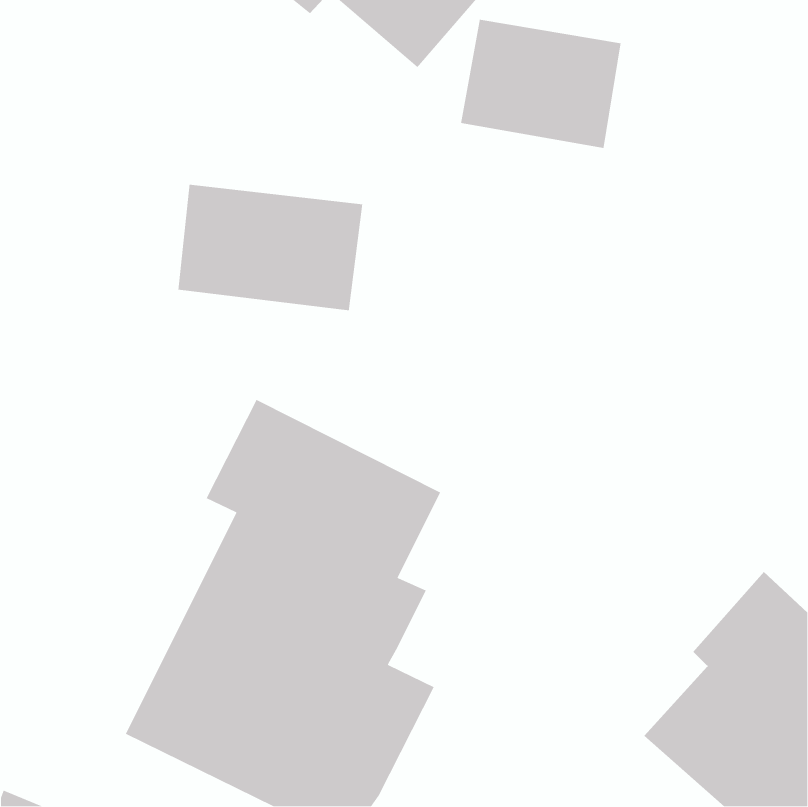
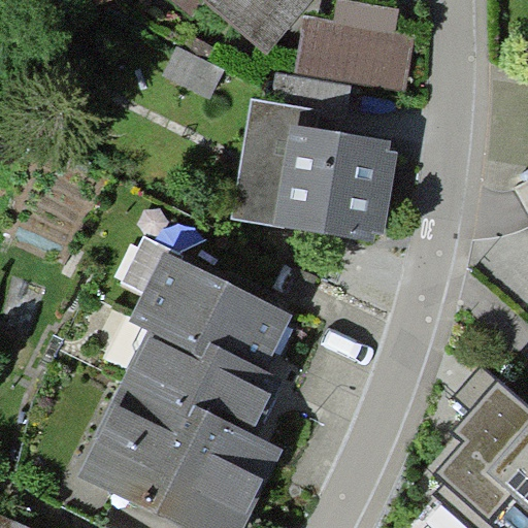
building: none -> [234,99,391,232]
building: [177,184,363,311] -> none

